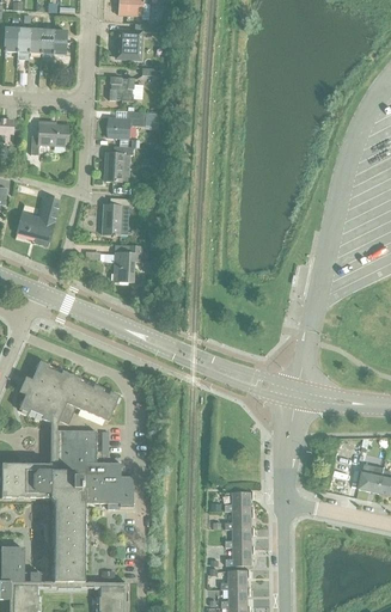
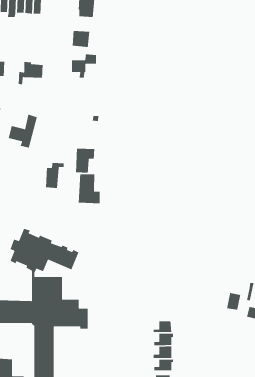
building: [104,146,133,182] -> none
building: [100,197,128,235] -> [45,162,64,189]
building: none -> [78,173,101,204]

